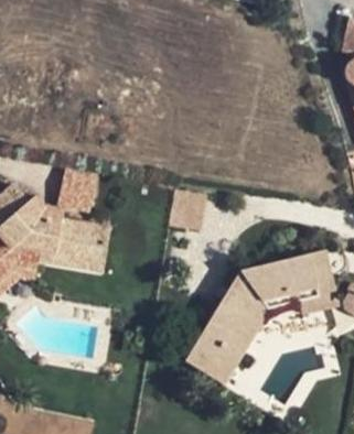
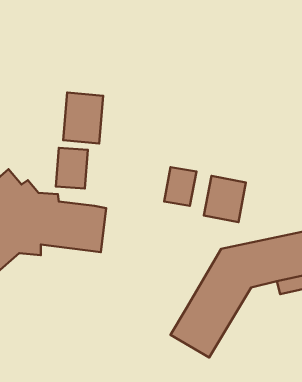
building: none -> [63,93,103,143]
building: none -> [204,176,246,222]

